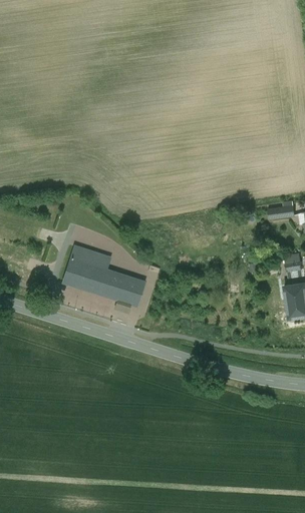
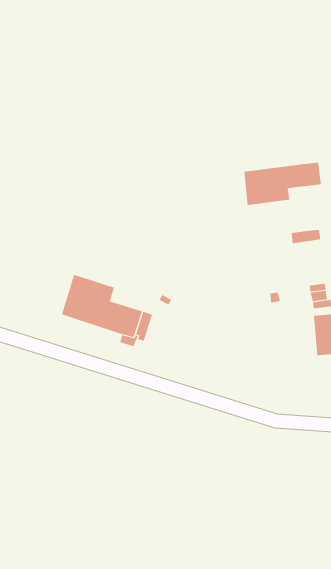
building: none -> [244,162,321,206]

